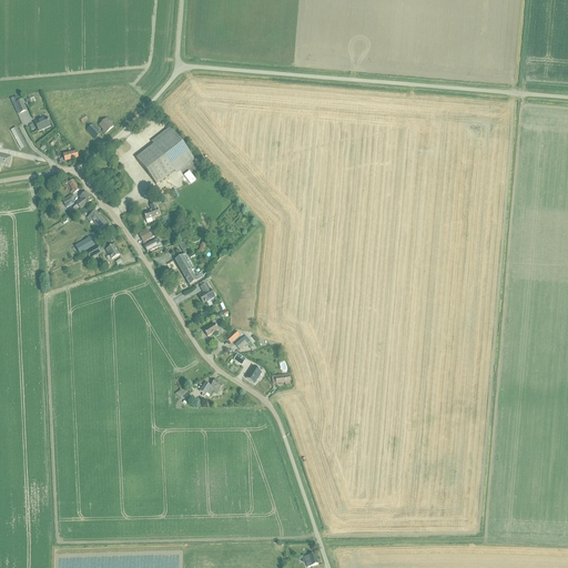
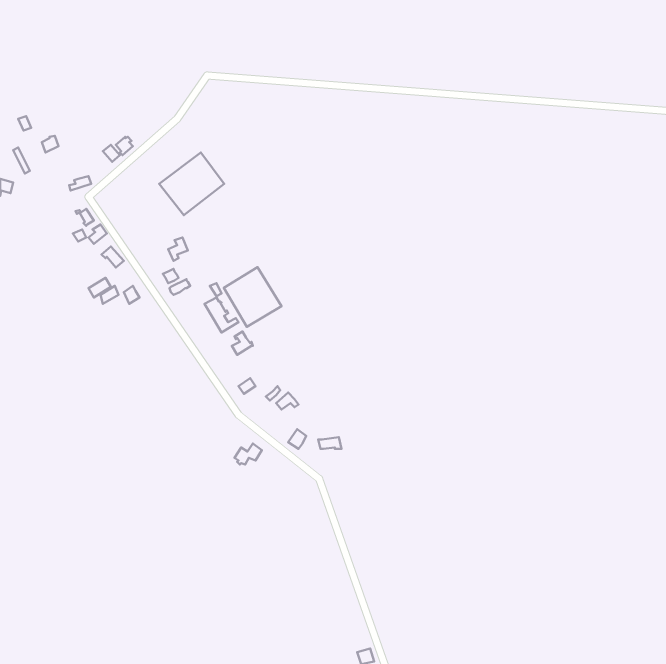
building: none -> [224,267,282,327]

